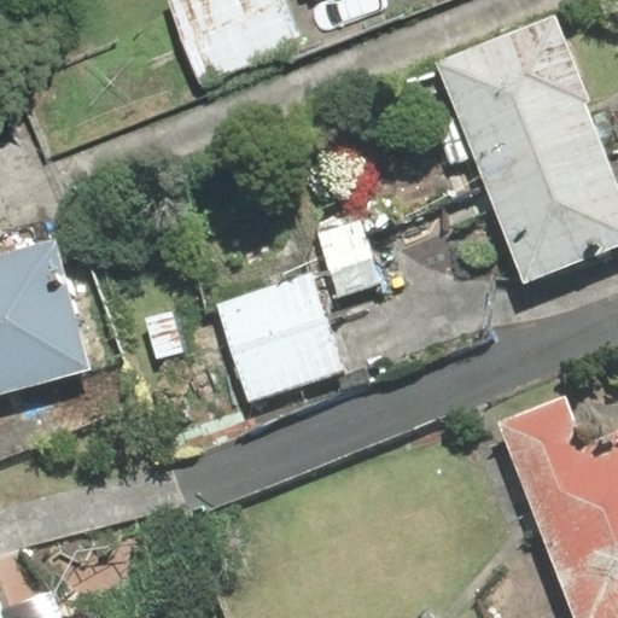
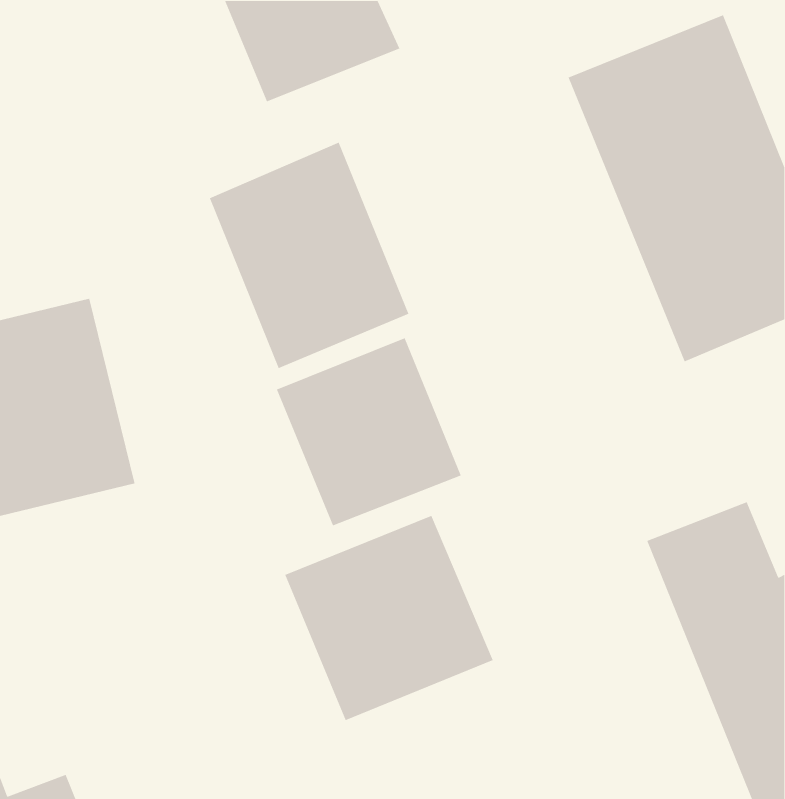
building: none -> [209,142,410,369]
building: none -> [284,515,494,721]

